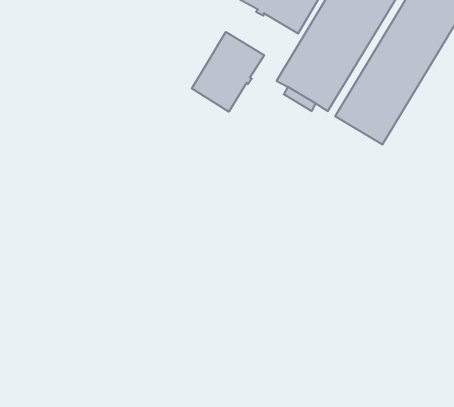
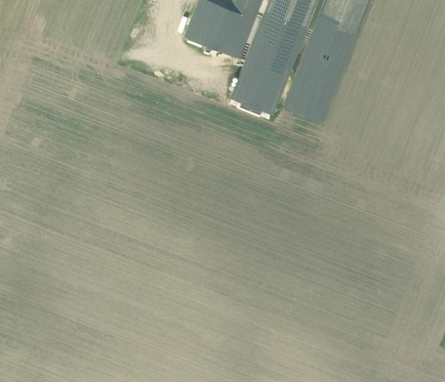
building: [192,32,264,112] -> none

